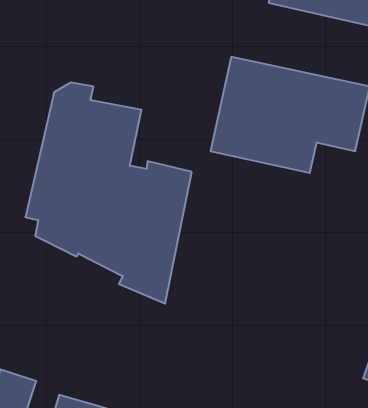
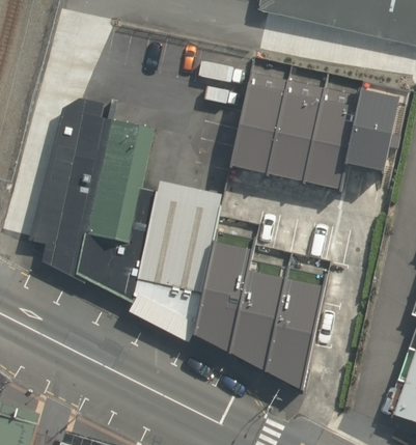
building: none -> [188,230,322,393]

